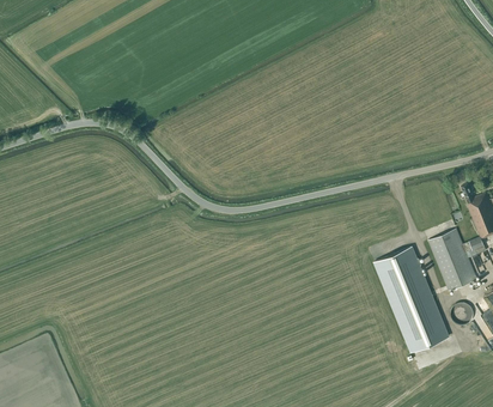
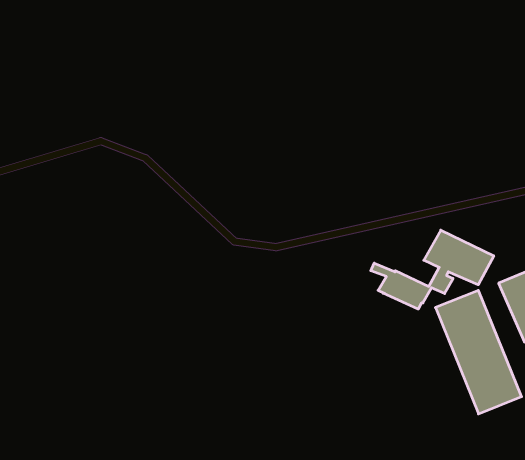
building: none -> [371,230,494,309]

